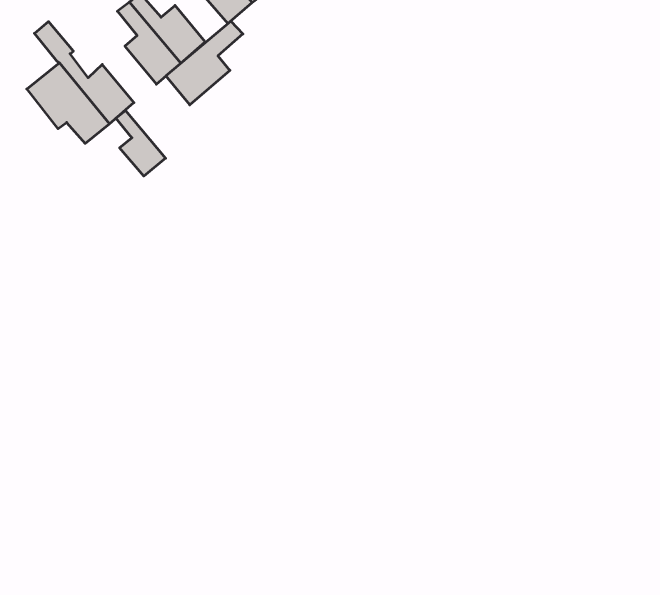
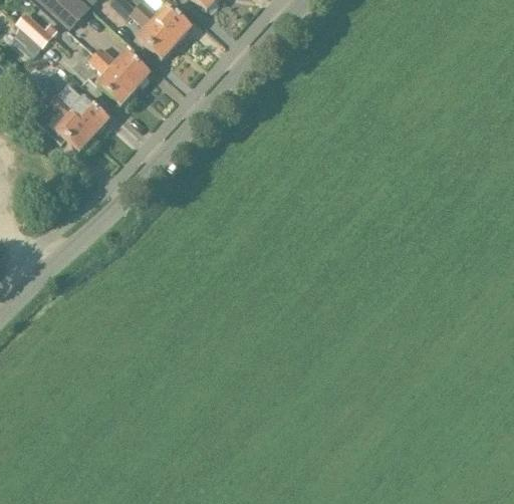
building: [166,21,243,105] -> none
building: [116,110,166,176] -> none

